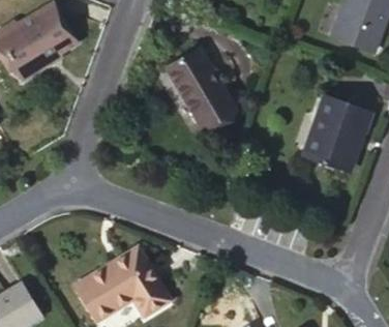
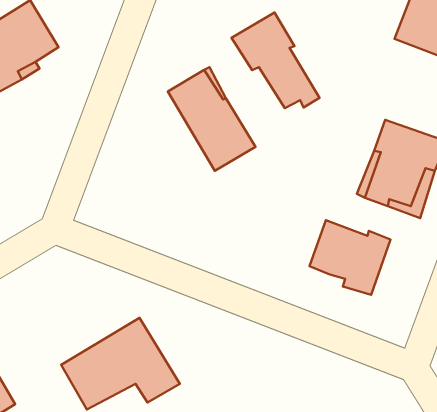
building: none -> [232,12,320,108]
building: none -> [310,220,391,295]

